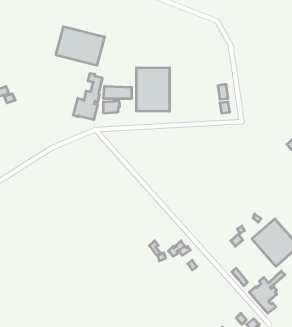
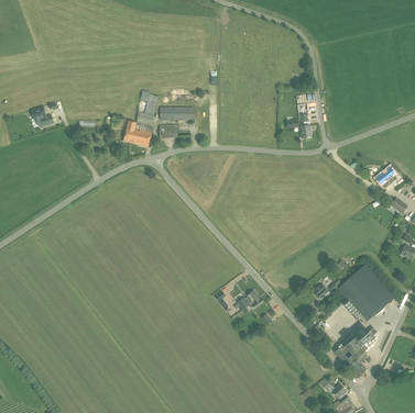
building: [56,27,104,65] -> none
building: [136,68,170,111] -> none

